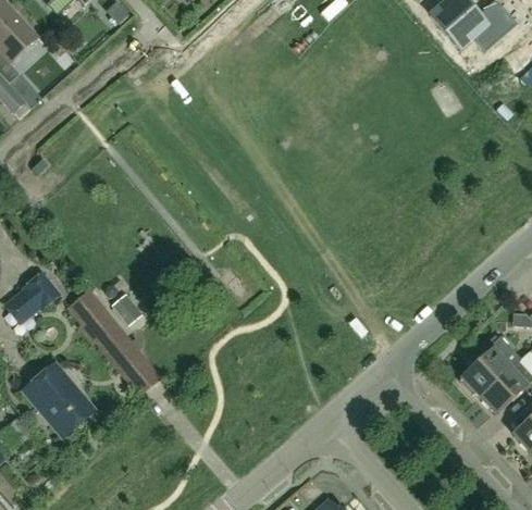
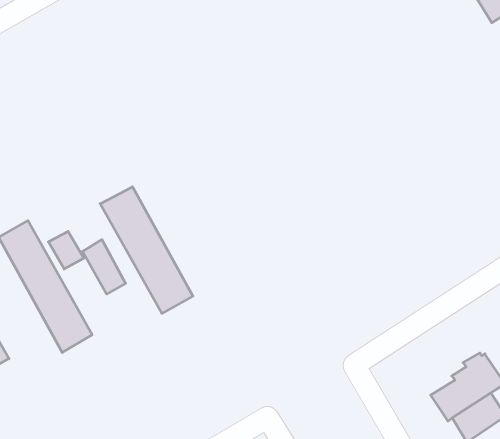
building: none -> [100,187,193,313]
building: none -> [82,240,126,294]

